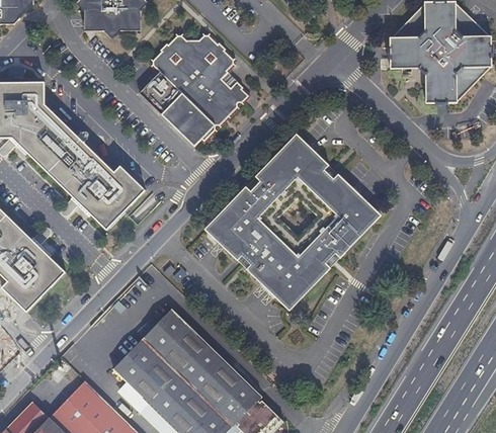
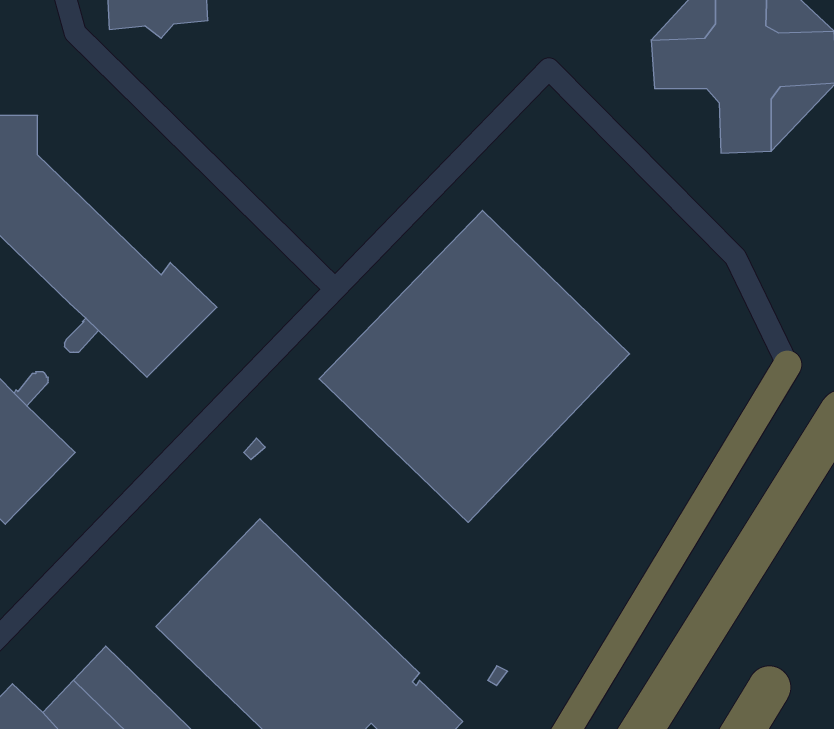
building: [139,29,250,145] -> none

